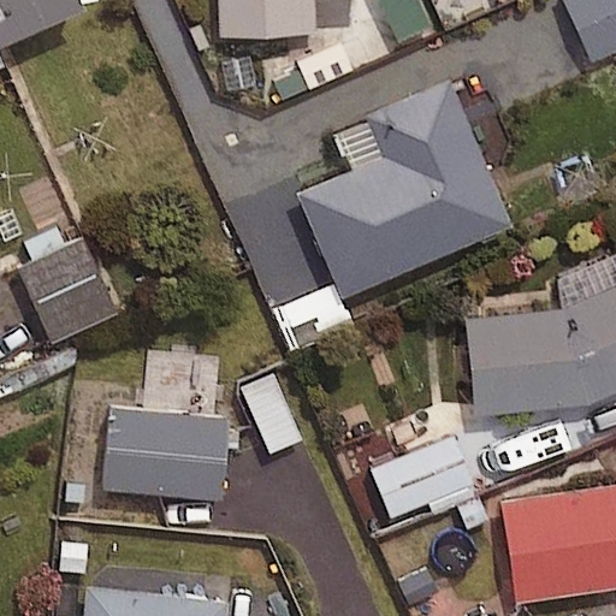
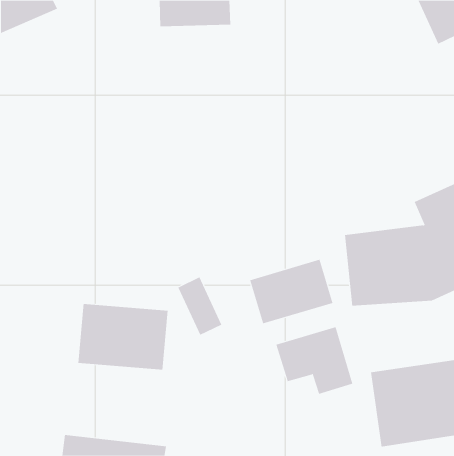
building: [300,87,508,297] -> none
building: [19,241,116,339] -> none
building: none -> [249,259,333,324]

